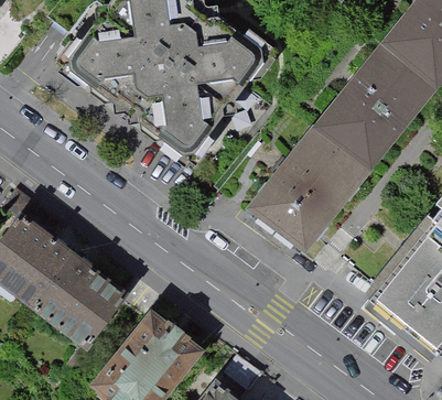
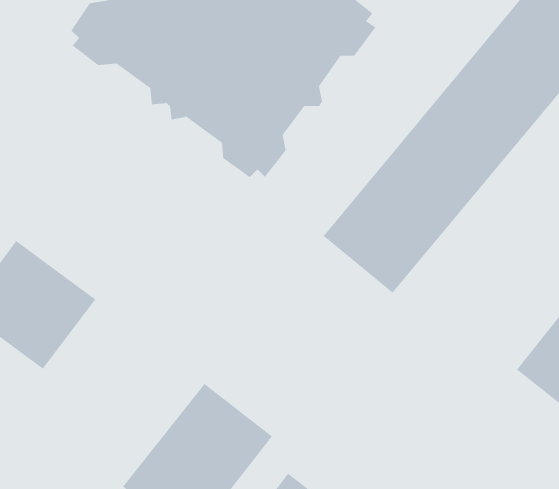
building: [39,256,129,345] -> none

